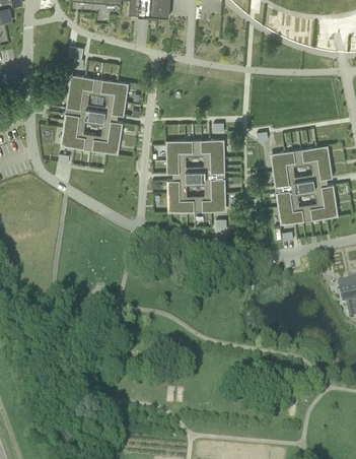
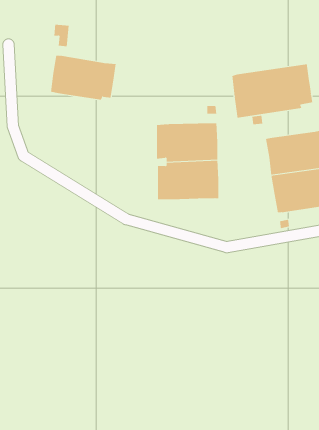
building: none -> [232,64,313,119]
building: [61,110,123,154] -> none

